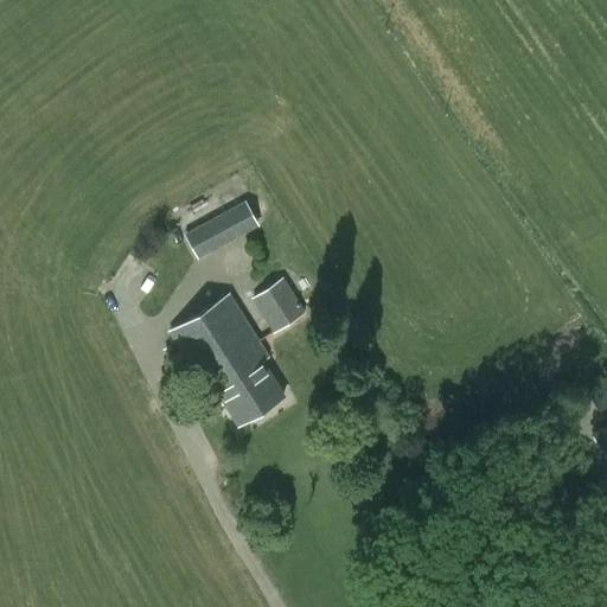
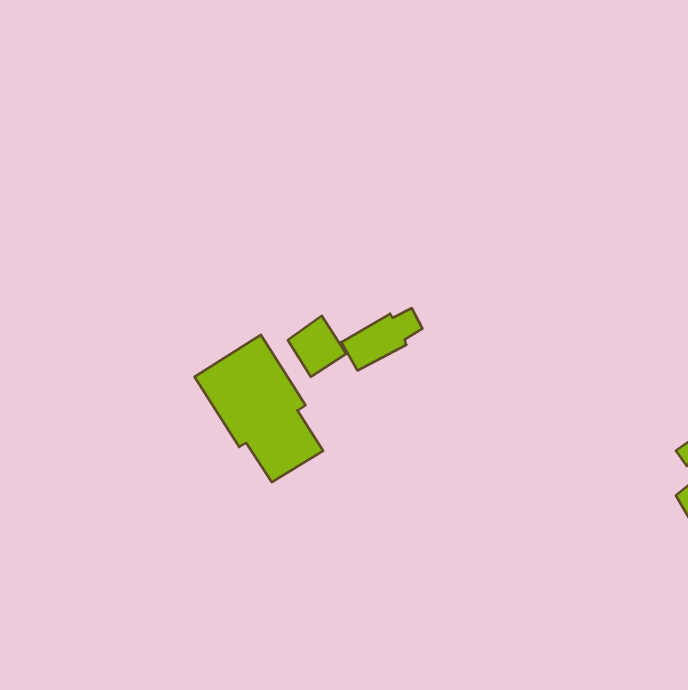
building: [187,204,258,258] -> [341,308,422,370]

